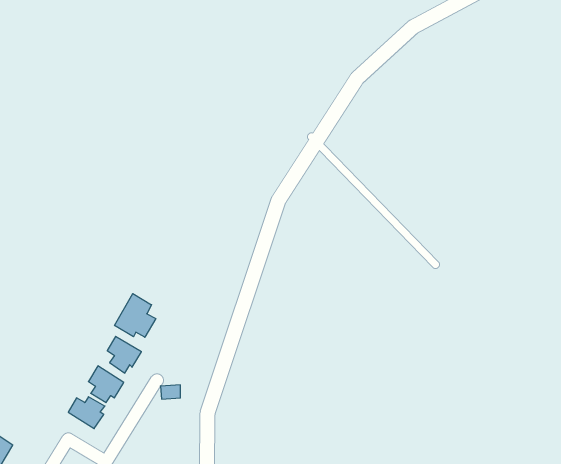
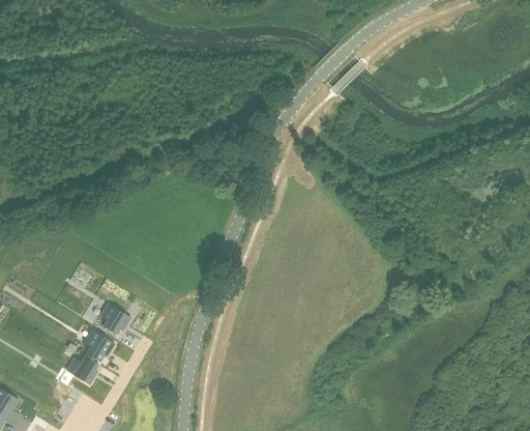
building: [115,294,156,337] -> none

